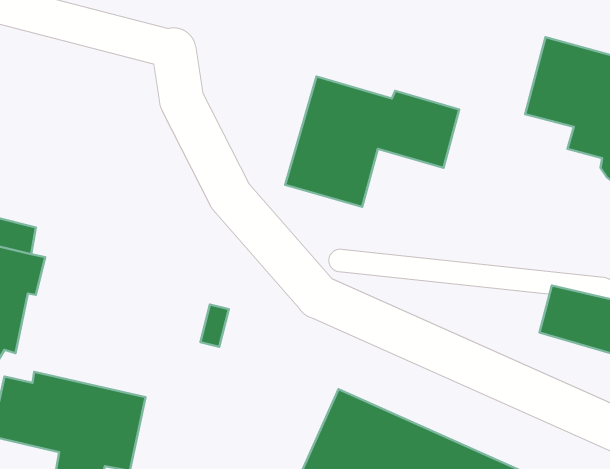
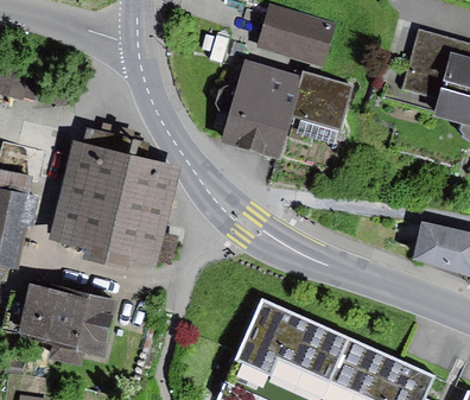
building: none -> [259,8,331,65]
building: none -> [46,126,174,269]

